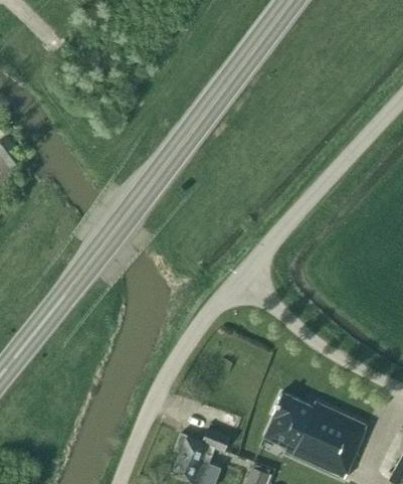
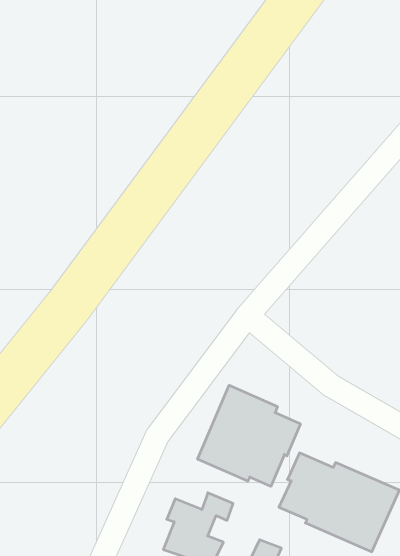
building: none -> [198,385,300,486]

